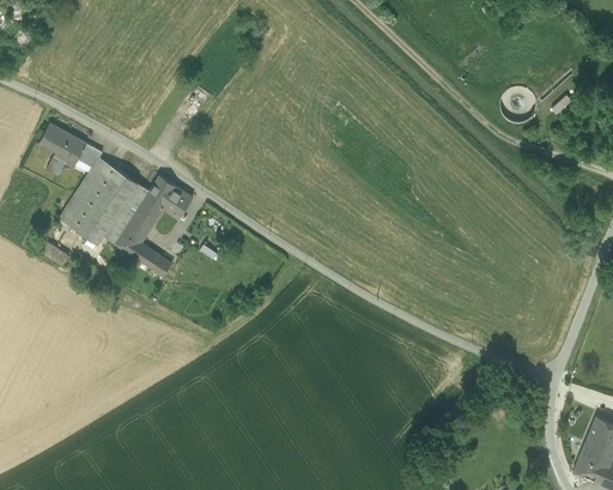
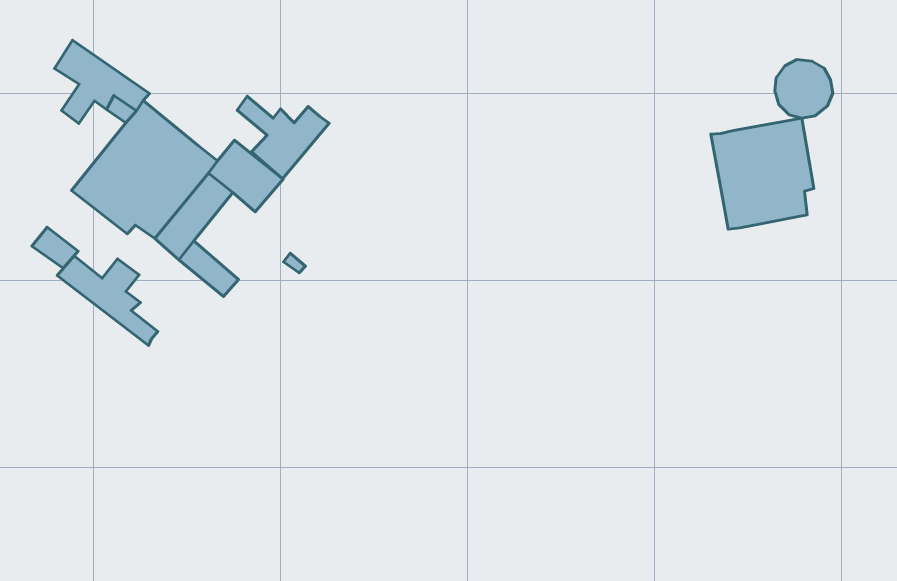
building: none -> [711,118,814,229]
building: none -> [237,96,329,179]
building: none -> [57,256,158,345]

